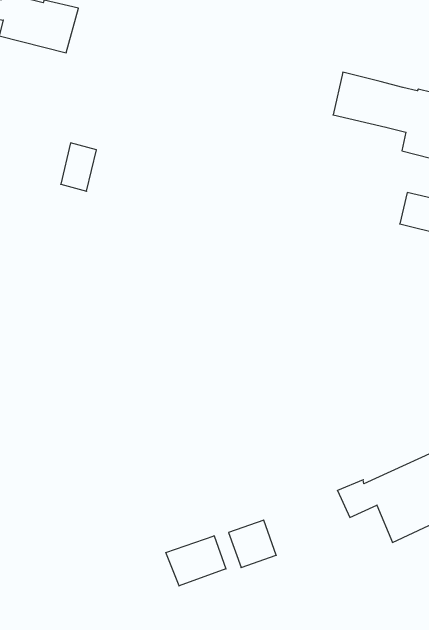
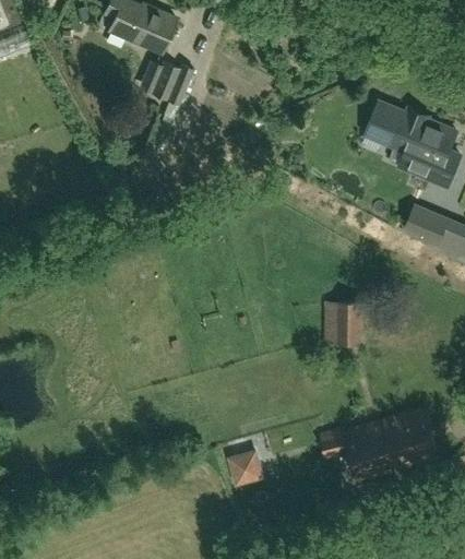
building: [61,143,96,191] -> [150,62,182,103]
building: none -> [324,302,362,345]
building: [166,536,226,586] -> none

